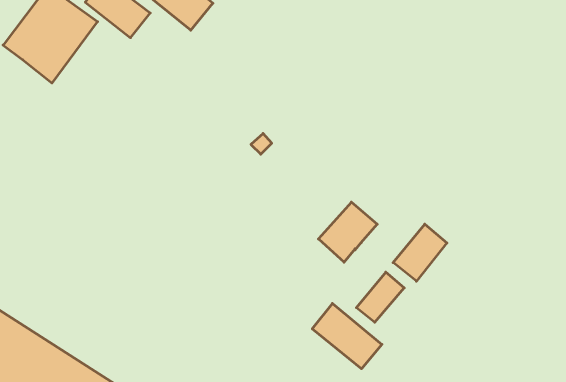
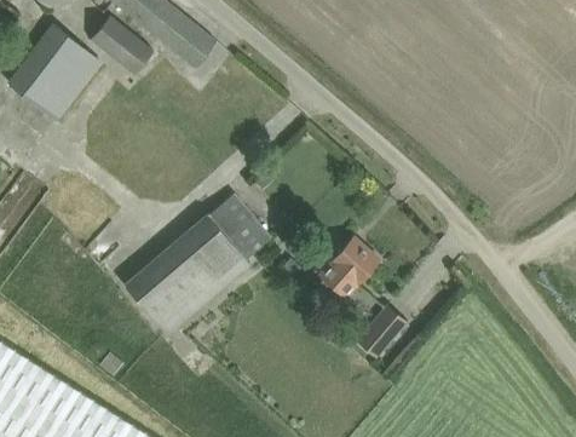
building: none -> [125,194,270,333]
building: [393,224,447,281] -> none
building: [312,303,382,369] -> none

